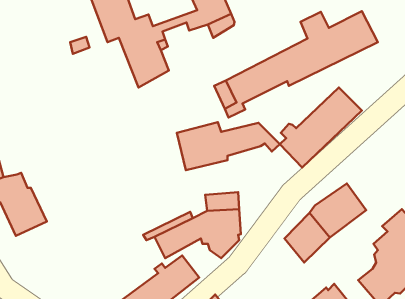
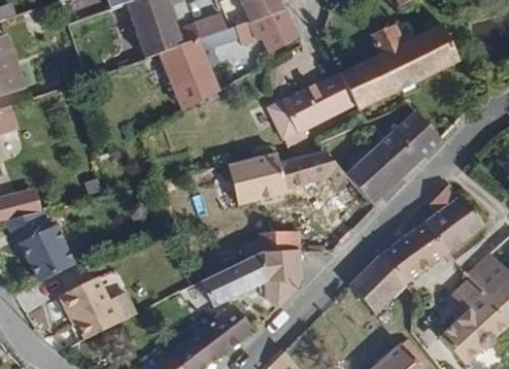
building: none -> [425,186,484,253]
building: none -> [60,277,120,341]

